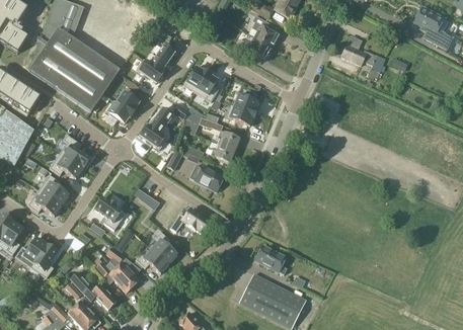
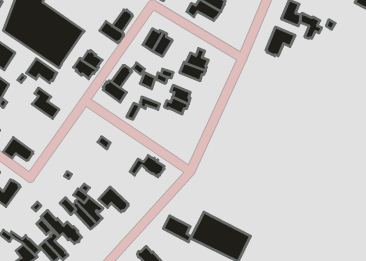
building: none -> [266,27,295,56]
building: [50,152,84,179] -> [26,59,57,83]
building: [189,164,224,190] -> none
building: [40,174,69,205] -> none
building: [95,197,126,230] -> none
building: [149,232,178,264] -> none
building: [255,244,287,273] -> [163,216,191,242]
building: [31,245,58,278] -> none

